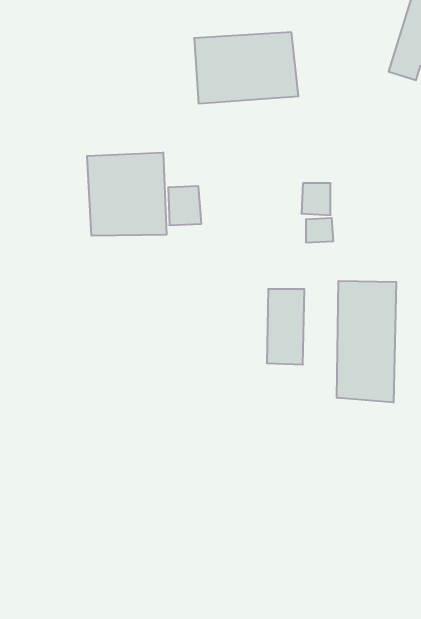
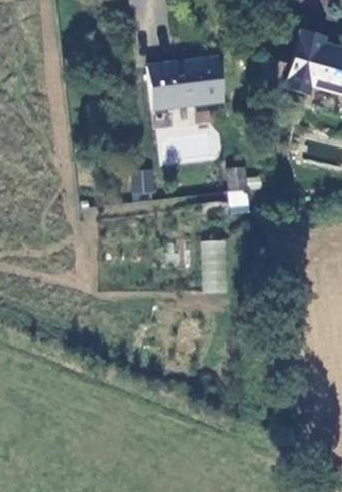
building: [87,152,166,236] -> none
building: [337,281,396,403] -> none

